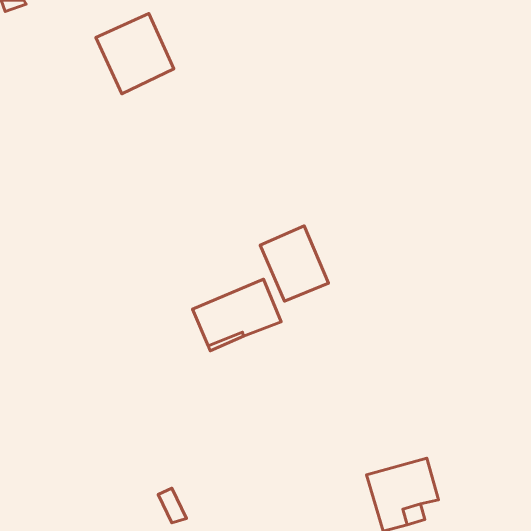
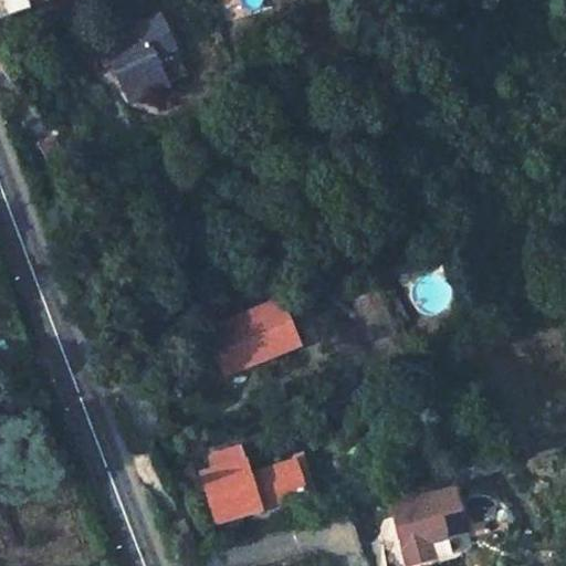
building: [260,226,328,301] -> none
building: none -> [202,447,304,523]

